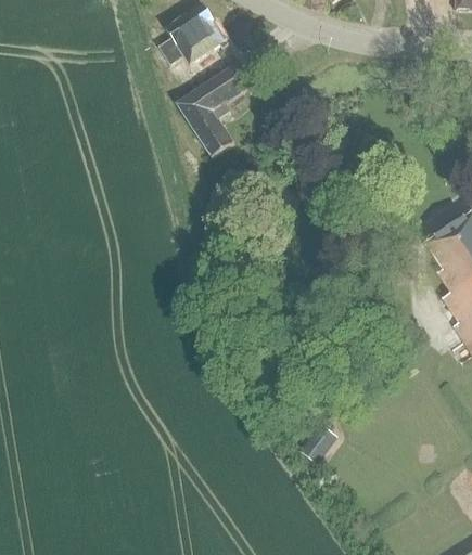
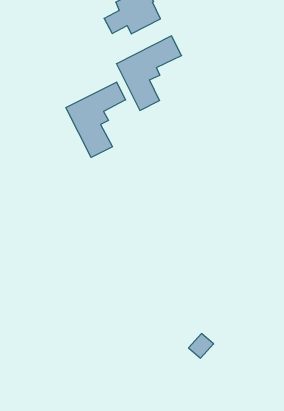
building: none -> [66,82,126,157]

